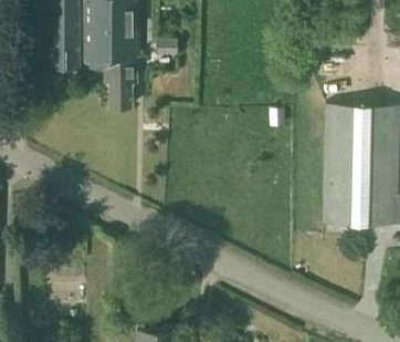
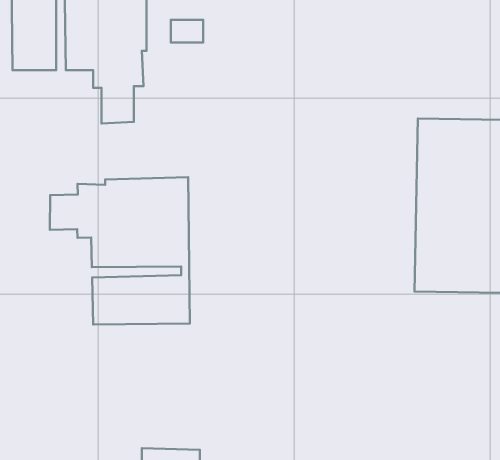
building: none -> [50,177,190,325]

